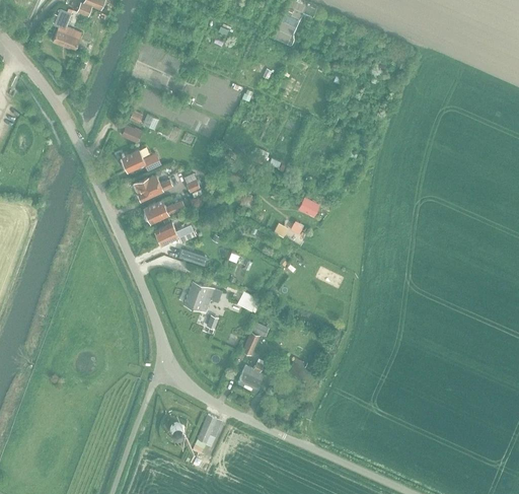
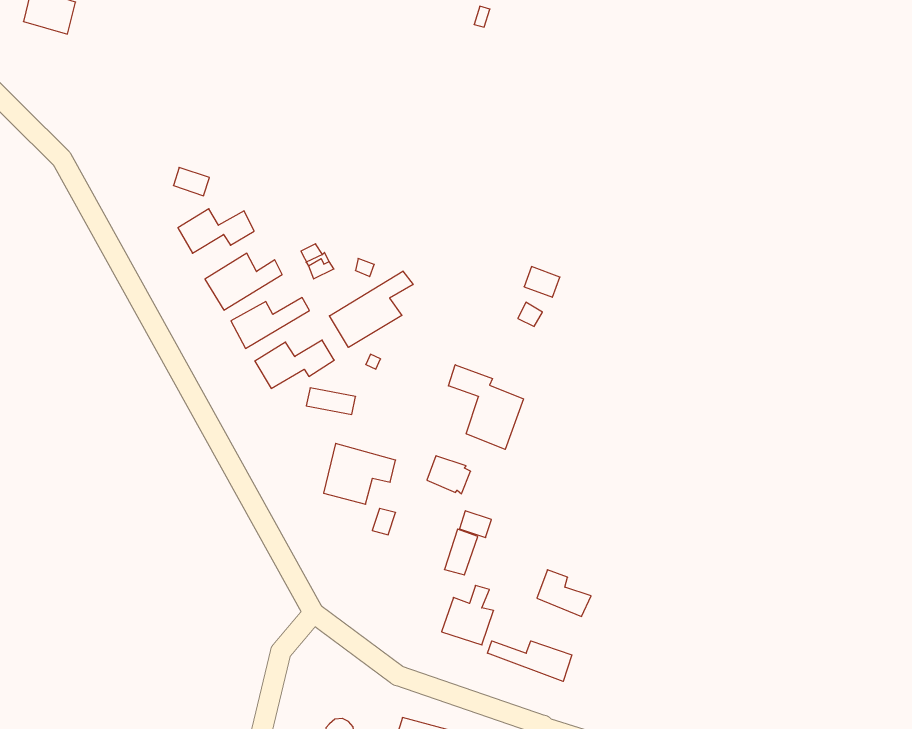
building: none -> [329,271,413,347]
building: none -> [448,365,523,449]
building: none -> [487,641,572,681]

